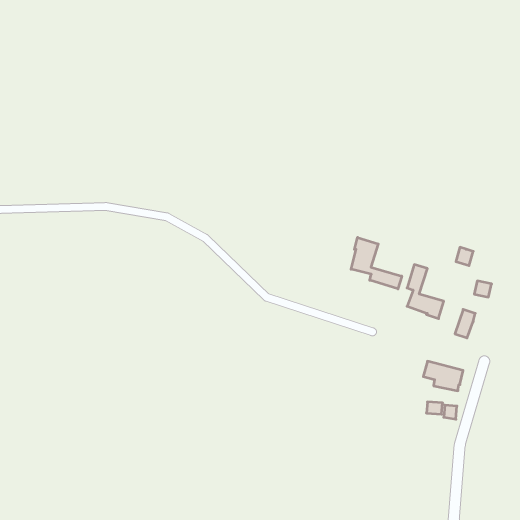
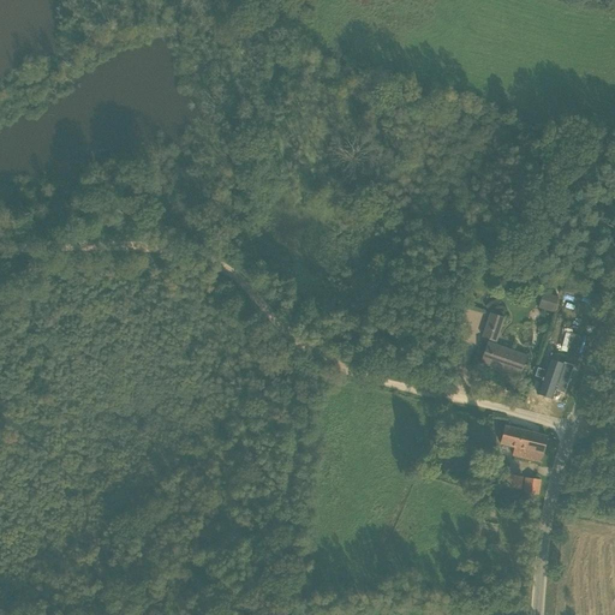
building: [351,237,402,289] -> none

